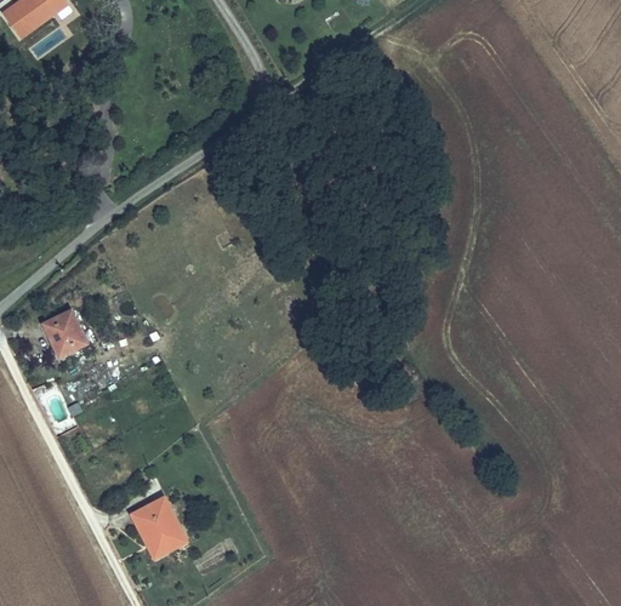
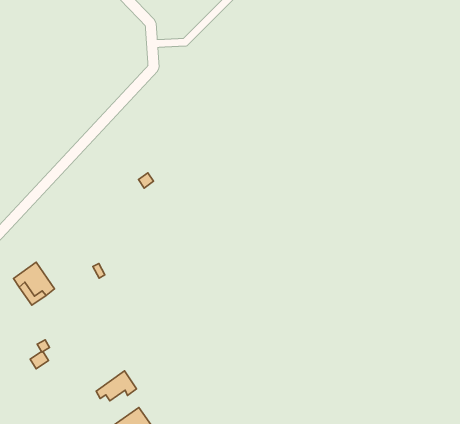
building: none -> [96,371,137,401]

